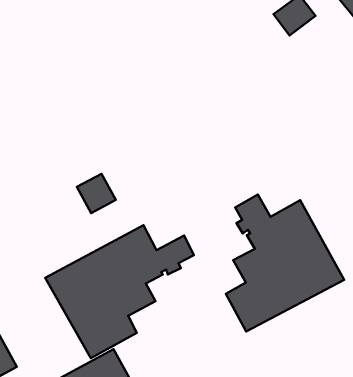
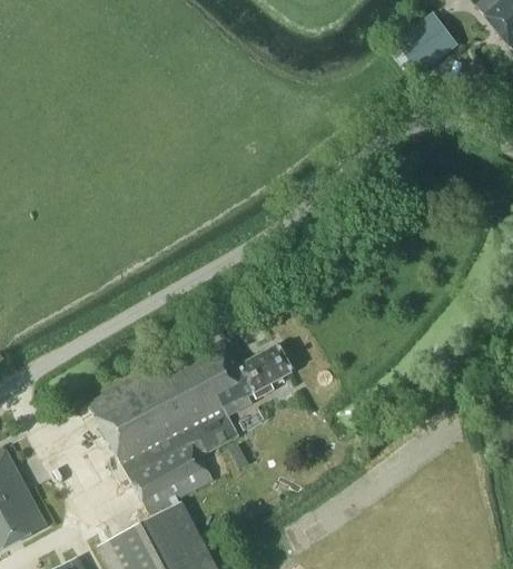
building: [77,174,116,213] -> none
building: [226,195,344,331] -> none

